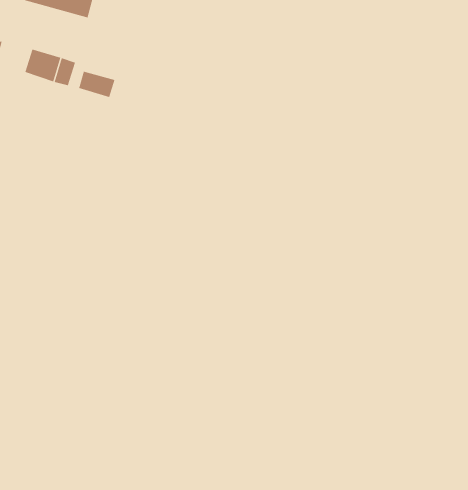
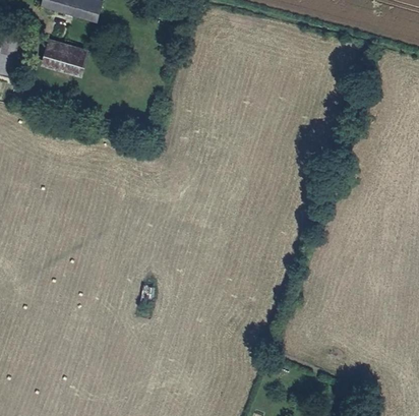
building: [79,71,115,98] -> none

